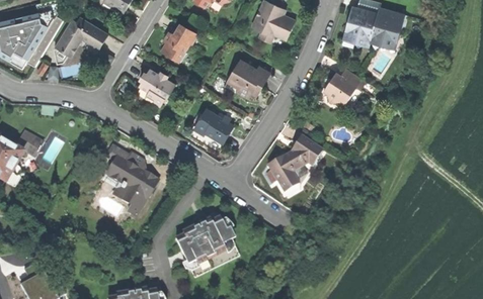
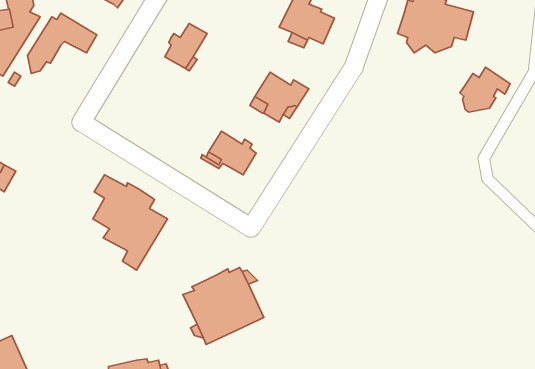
building: [324,68,364,103] -> [460,67,510,112]
building: [138,69,173,107] -> none
building: [266,134,321,193] -> none

